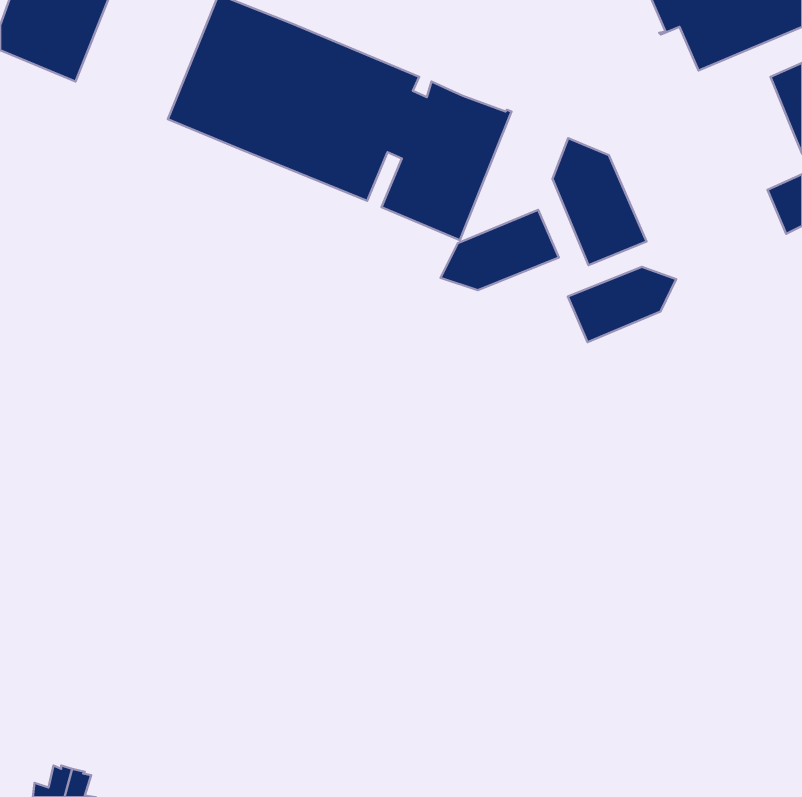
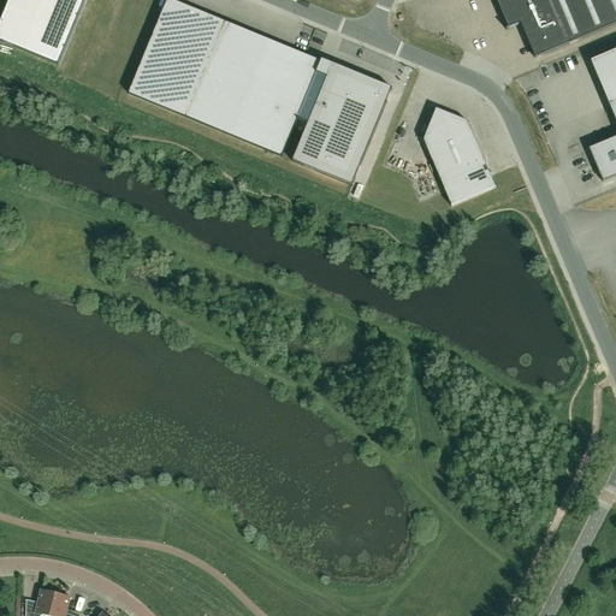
building: [441,210,559,290] -> none
building: [568,267,676,342] -> none

